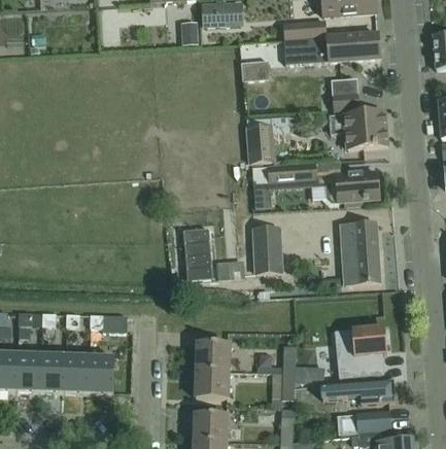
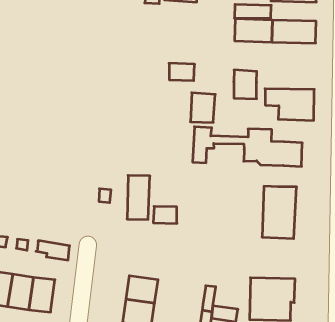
building: [240,59,270,79] -> [169,63,195,81]
building: [330,77,358,110] -> [234,70,257,99]
building: [251,227,281,272] -> none

